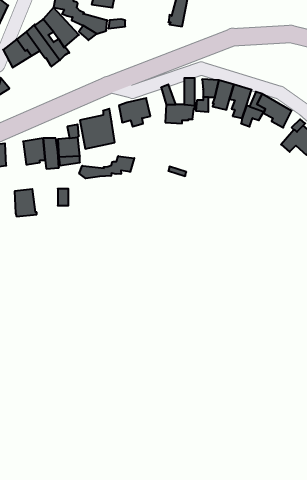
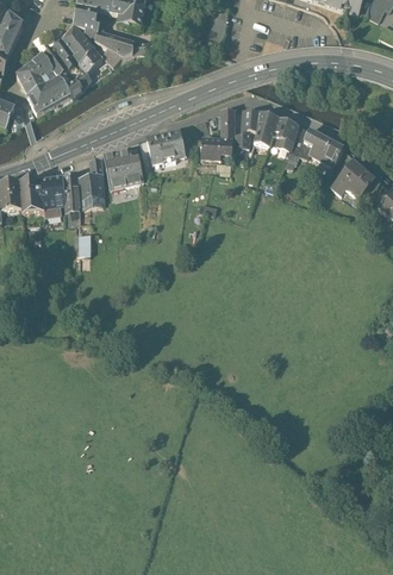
building: none -> [27,76,70,112]
building: [79,156,134,178] -> none
building: [15,189,37,216] -> [19,179,44,210]

